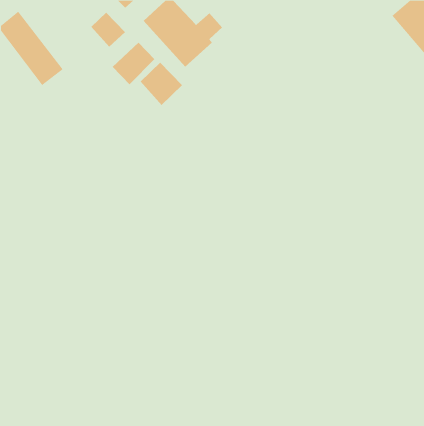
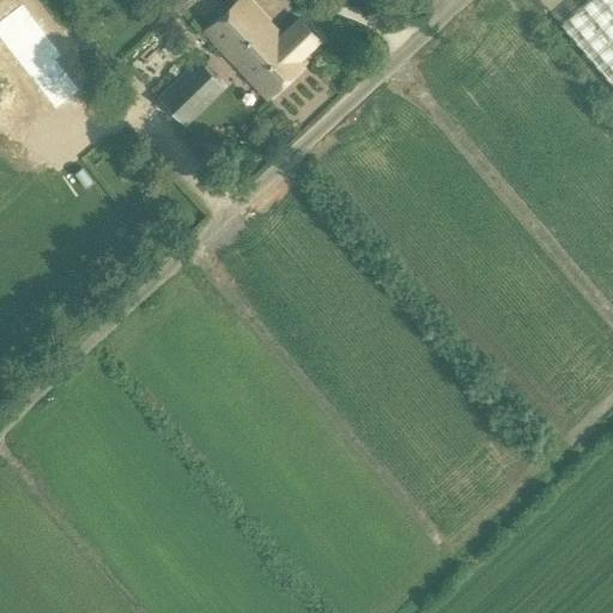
building: [90,12,126,48] -> none
building: [140,62,183,106] -> none

